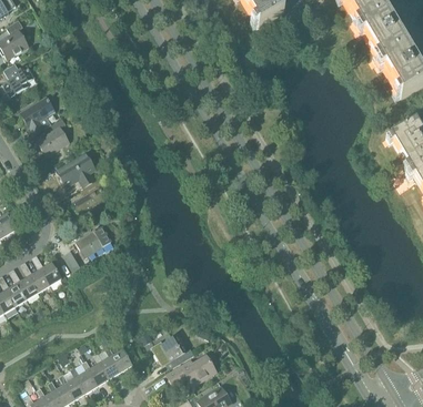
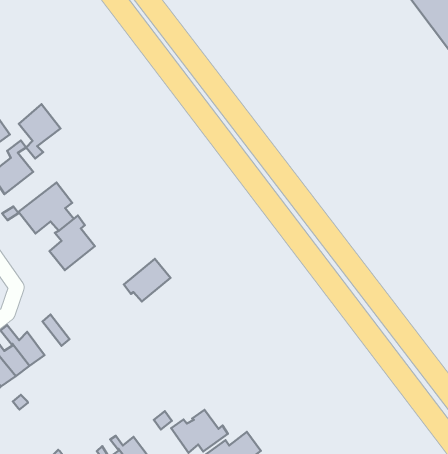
building: none -> [19,104,61,159]
building: [78,223,113,254] -> [124,259,170,302]

